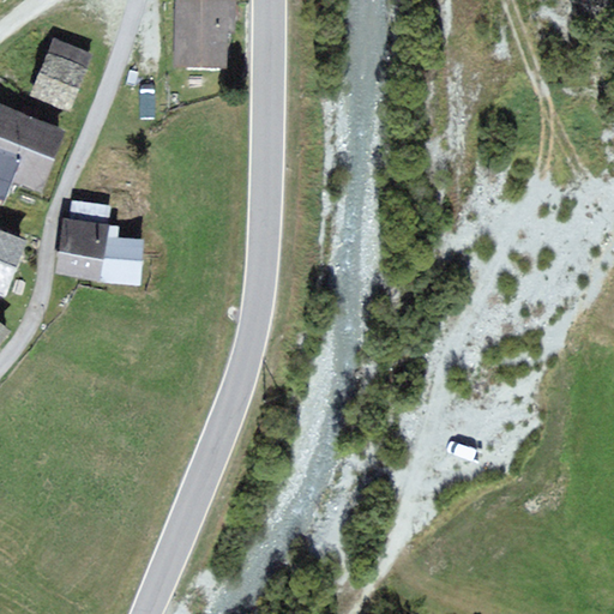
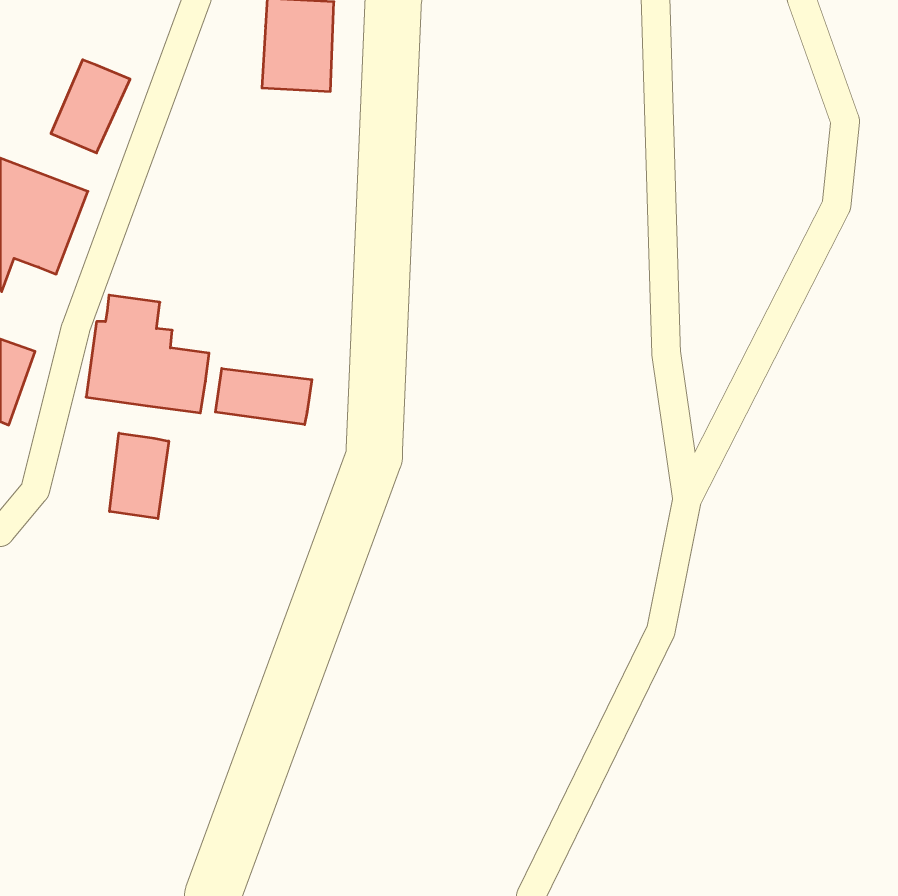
building: none -> [215,368,312,425]
building: none -> [110,433,169,519]

